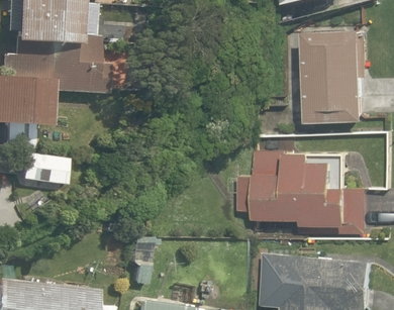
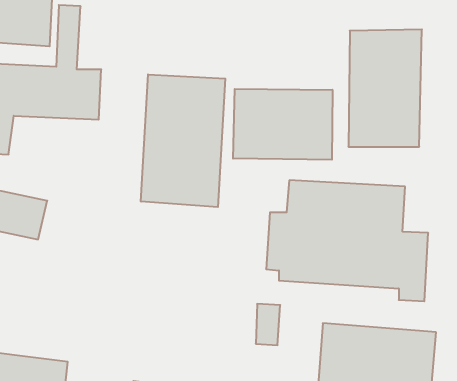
building: none -> [141,74,225,207]
building: none -> [233,89,332,160]

